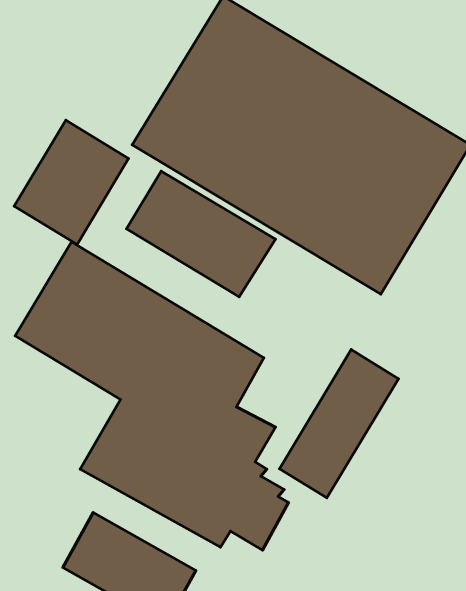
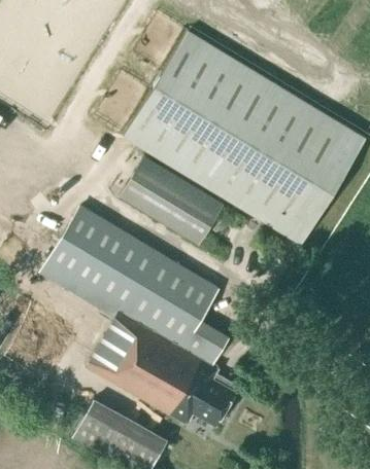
building: [14,120,129,244] -> none
building: [280,350,399,498] -> none

